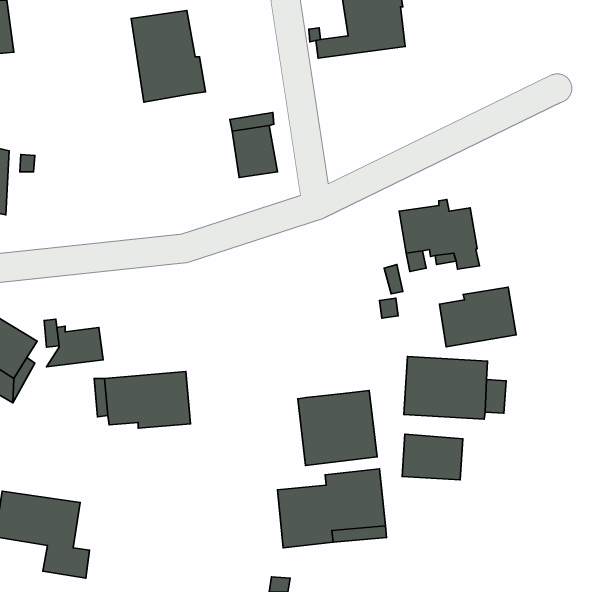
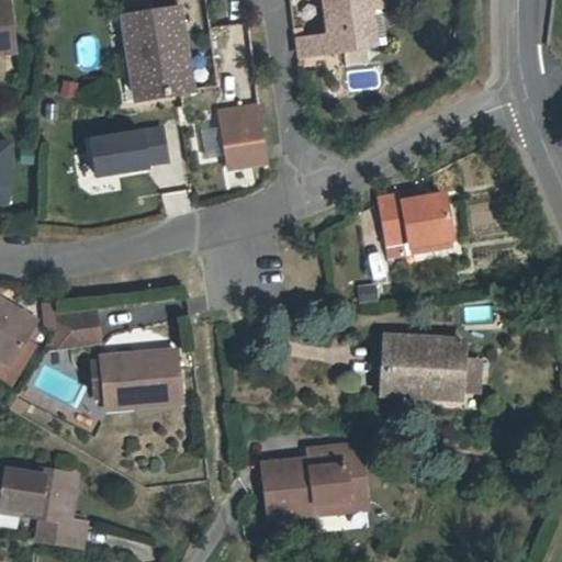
building: none -> [89,127,167,175]
building: [440,287,516,347] -> none
building: [298,391,377,465] -> none
building: [402,434,463,480] -> none

